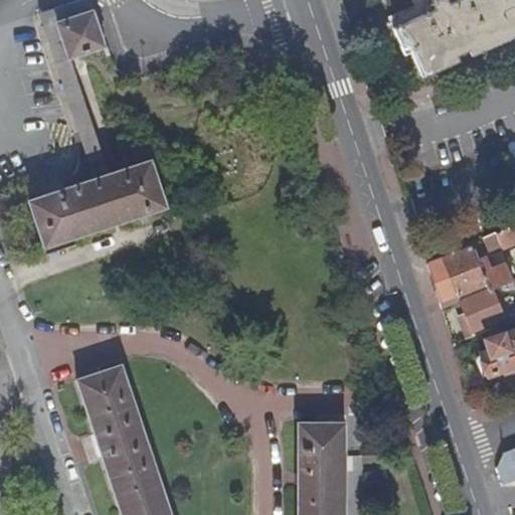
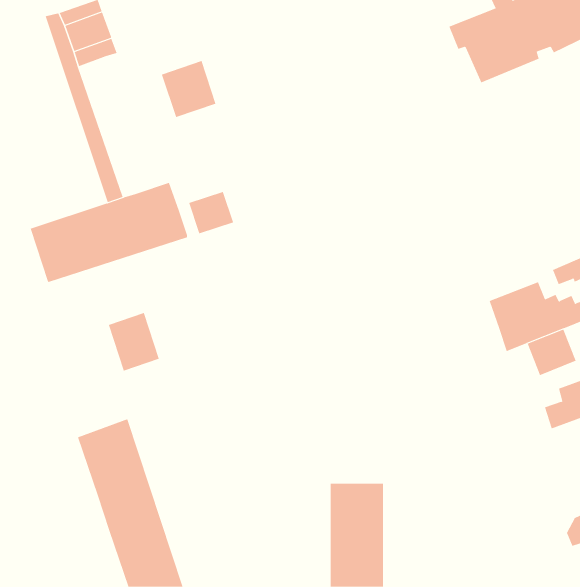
building: none -> [161,60,216,118]
building: none -> [189,191,234,234]
building: none -> [108,312,159,371]

